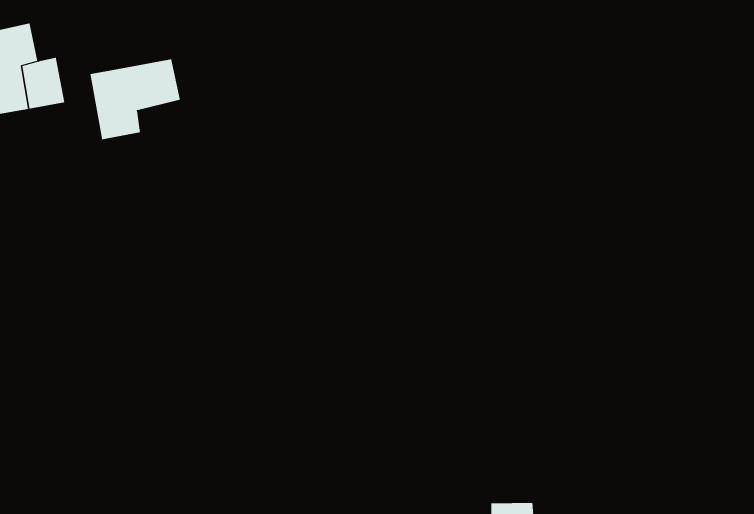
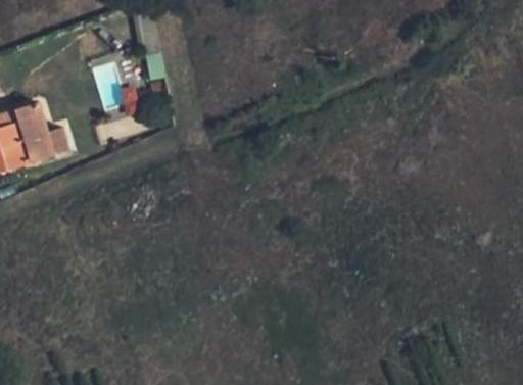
building: [90,58,181,140] -> none

